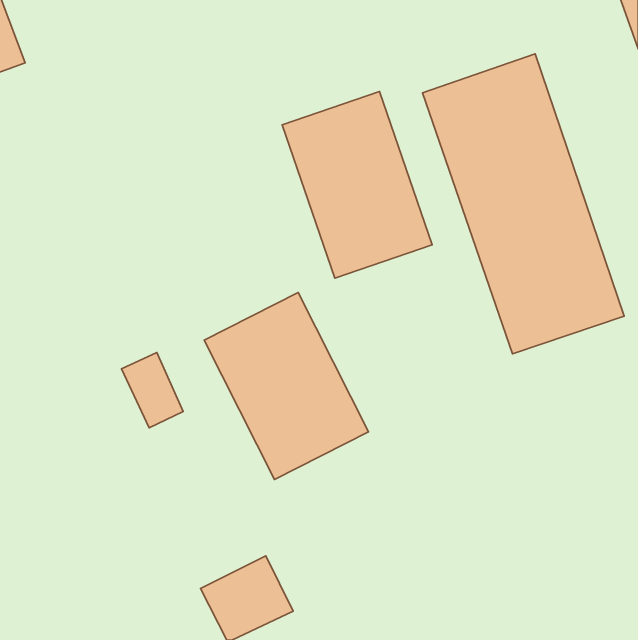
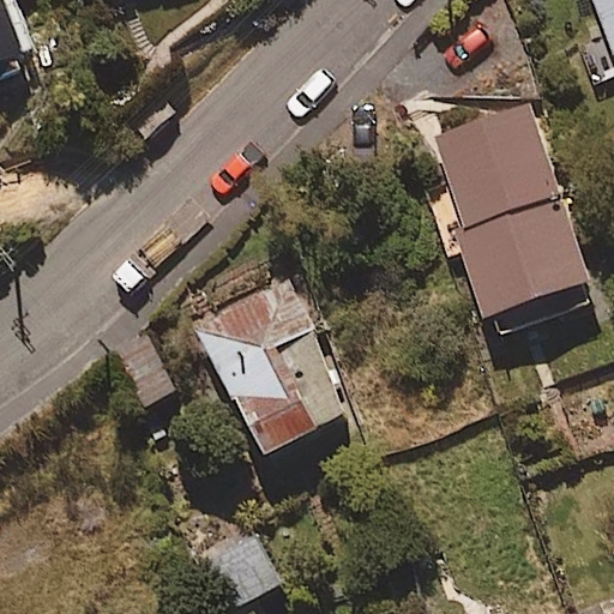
building: [282,91,432,278] -> none

